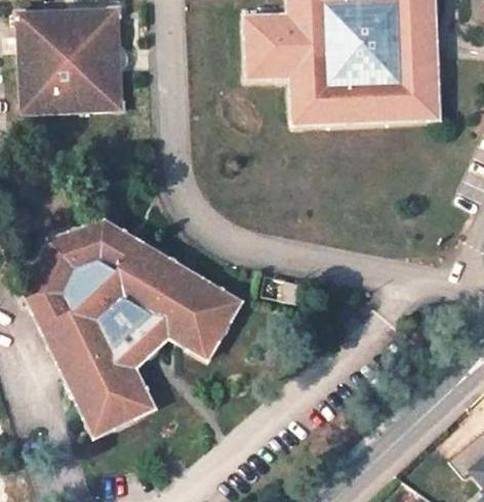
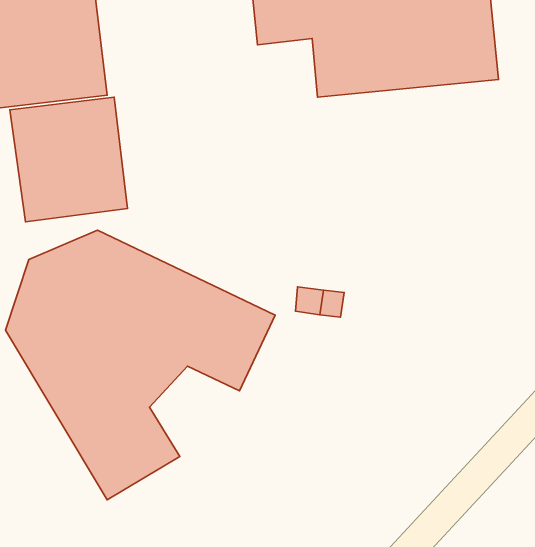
building: none -> [10,97,128,222]

